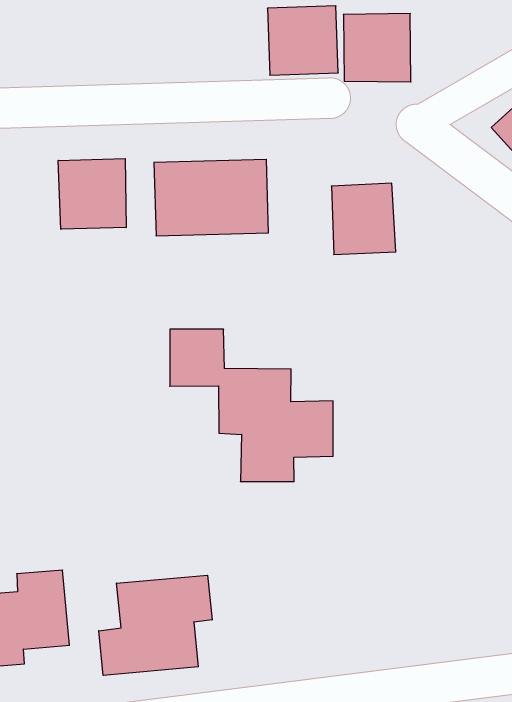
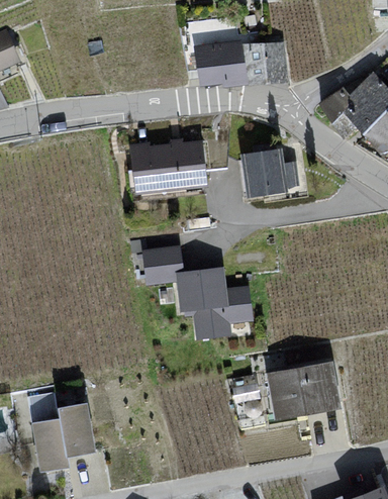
building: [58,159,126,229] -> none
building: none -> [268,362,341,421]
building: [99,575,212,675] -> none

